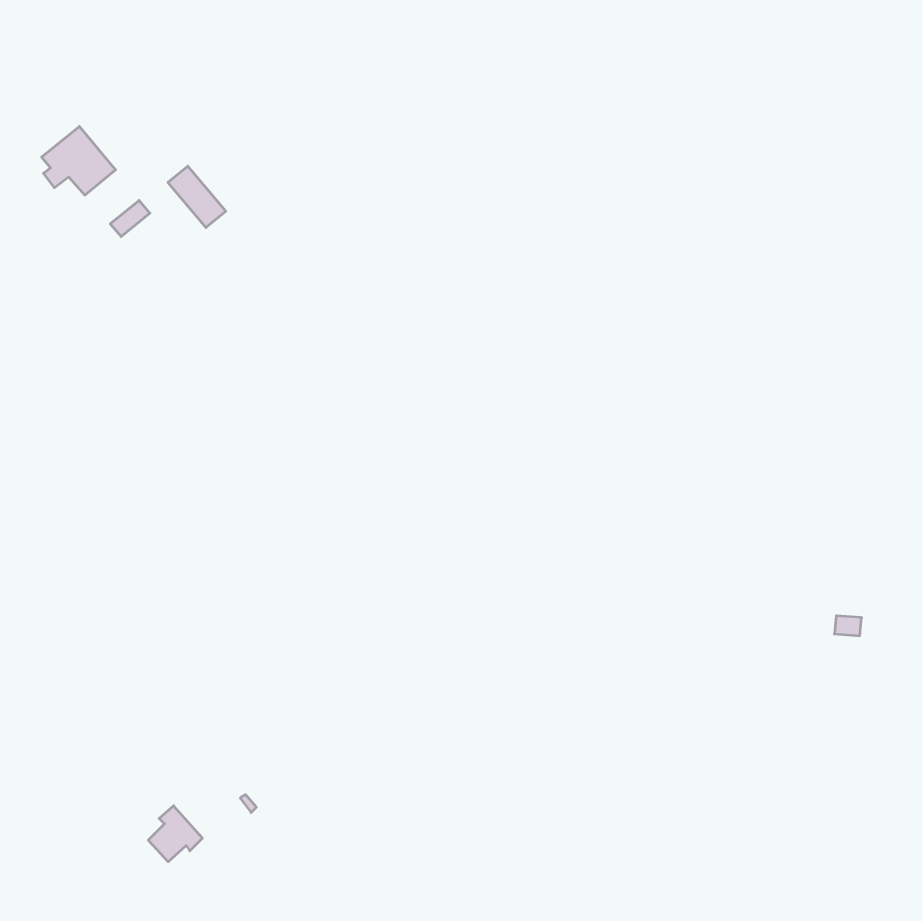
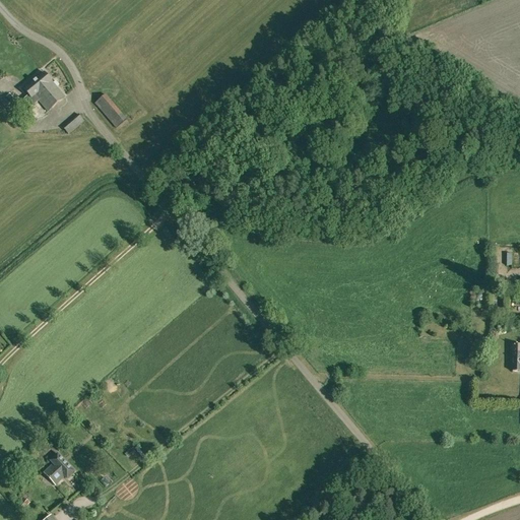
building: [148,806,202,862] -> [44,453,74,484]

